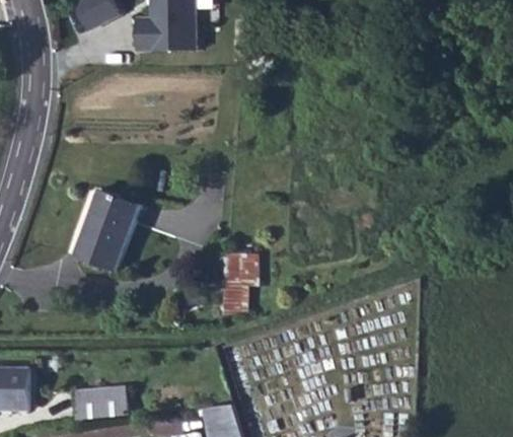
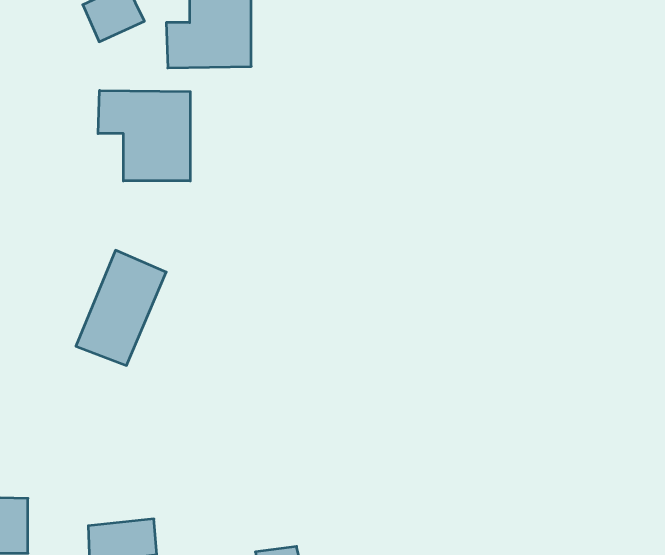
building: none -> [98,90,190,181]
building: [222,251,258,314] -> none

